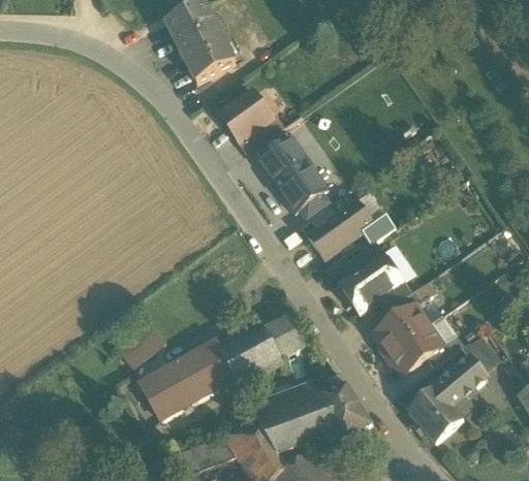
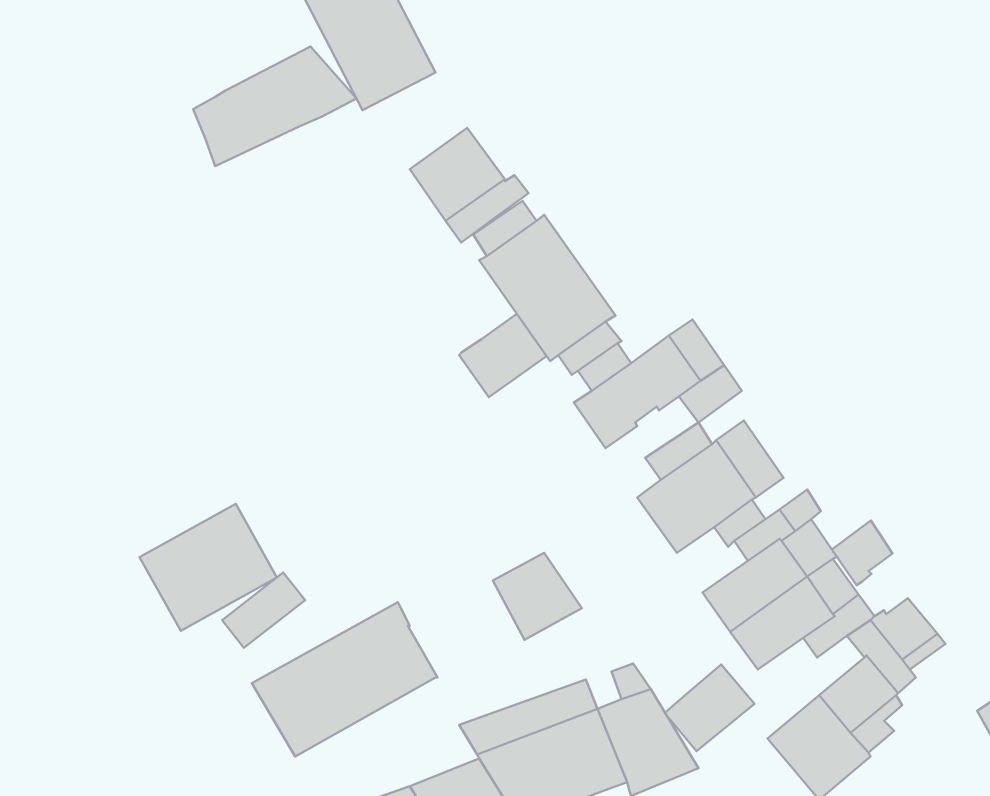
building: none -> [193,47,356,166]
building: none -> [459,314,547,397]
building: none -> [140,504,277,631]
building: none -> [832,520,892,585]
building: [220,328,281,383] -> none
building: none -> [665,665,754,751]

